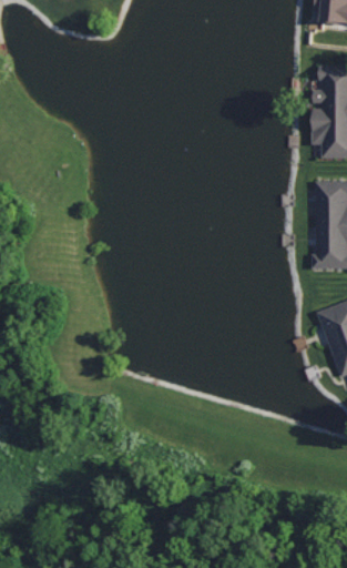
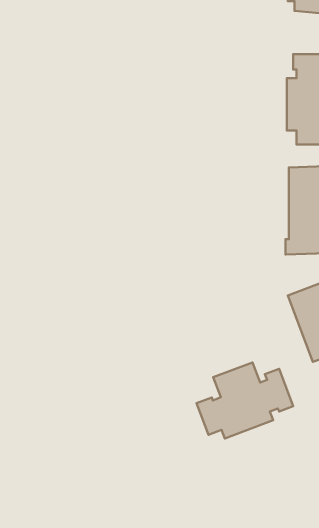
building: none -> [197,362,293,438]

